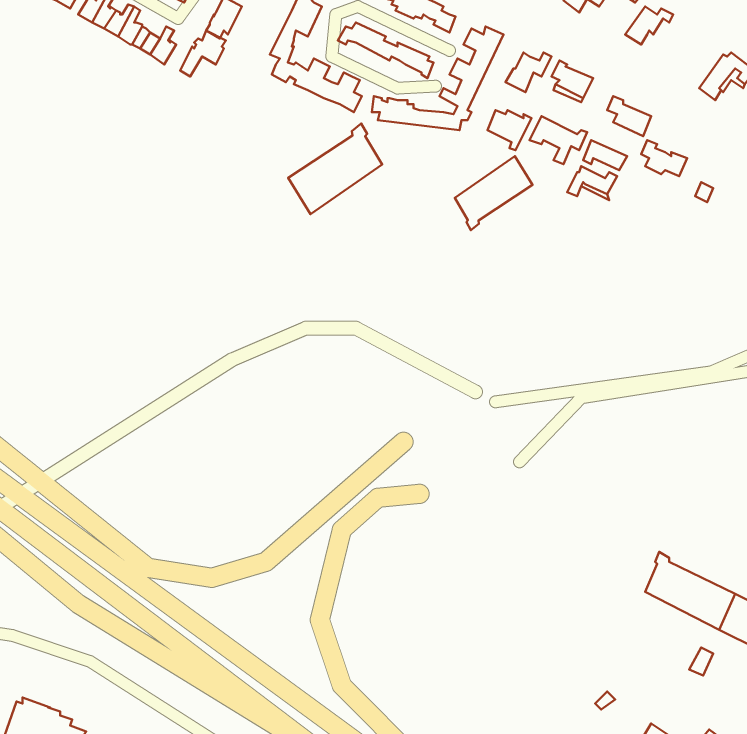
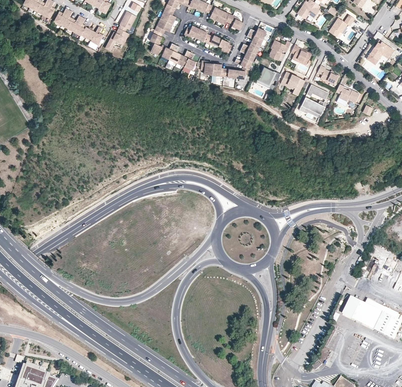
building: [288,124,382,214] -> none
building: [455,156,532,230] -> none

